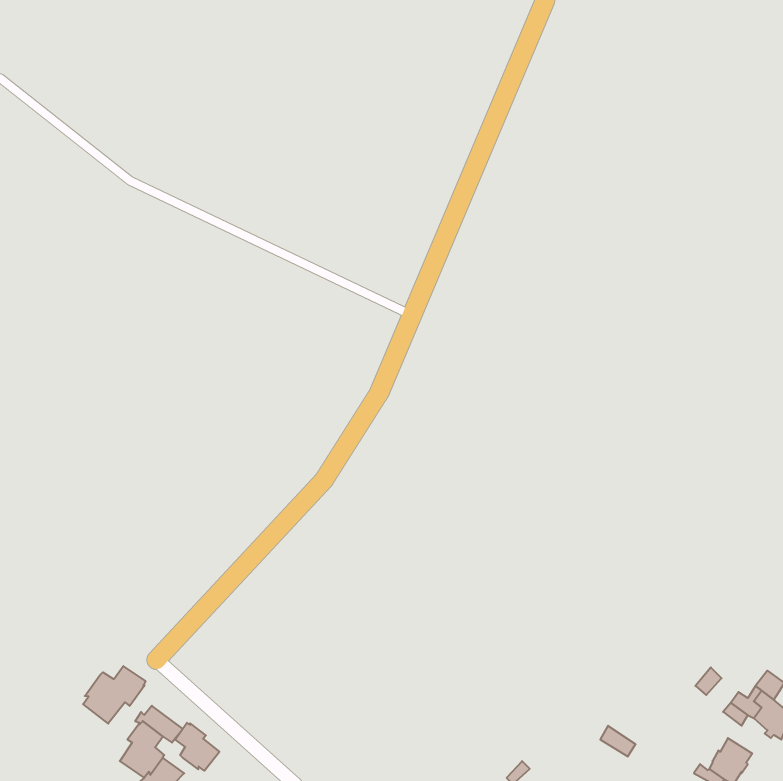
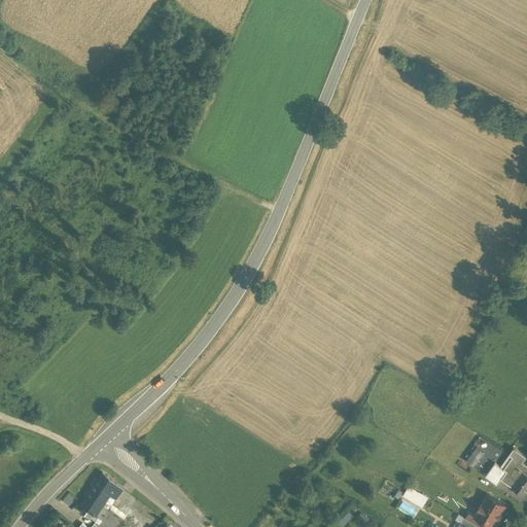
building: [83,666,146,724] -> none
building: [175,723,219,771] -> none

